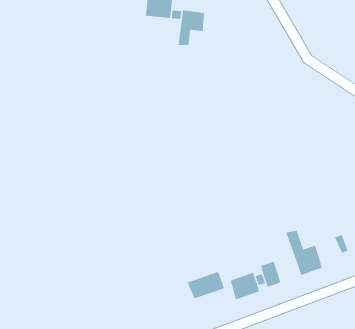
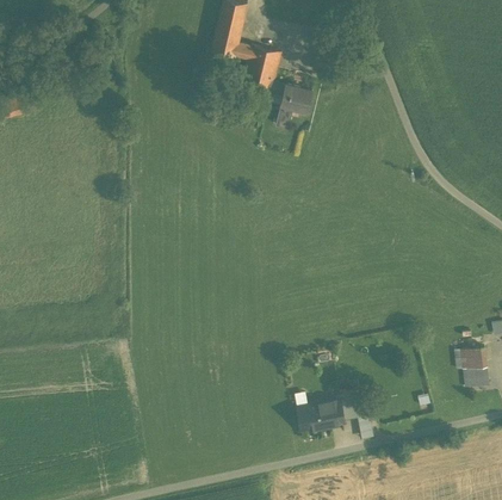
building: [286,230,323,276] -> none
building: [187,271,224,299] -> none

